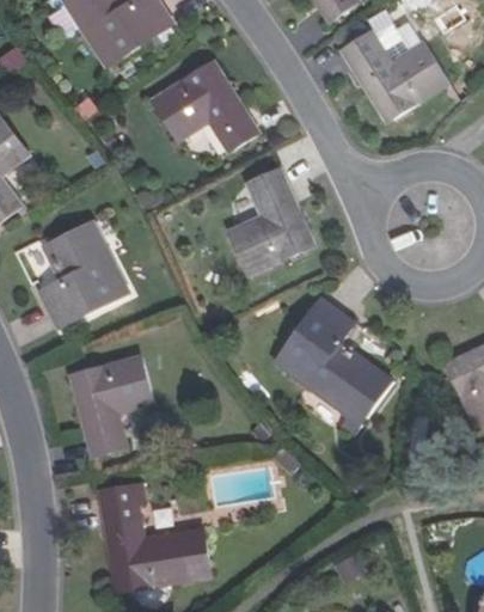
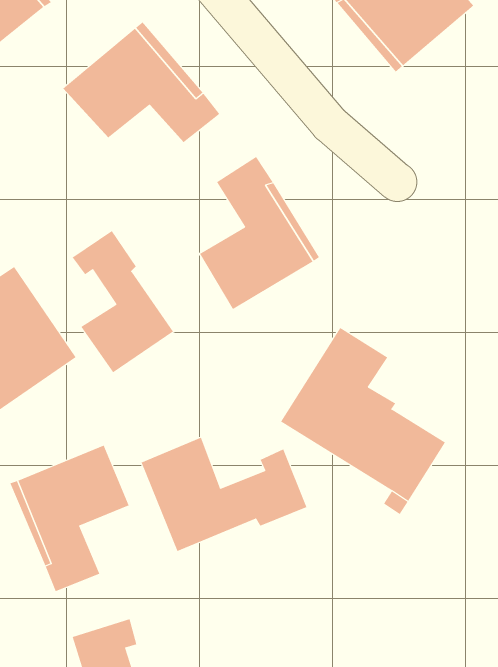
building: none -> [72,230,174,373]
building: none -> [141,437,307,552]

